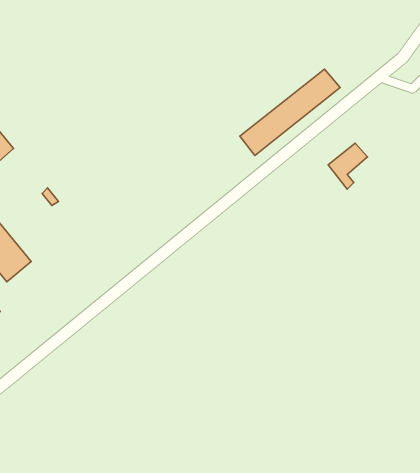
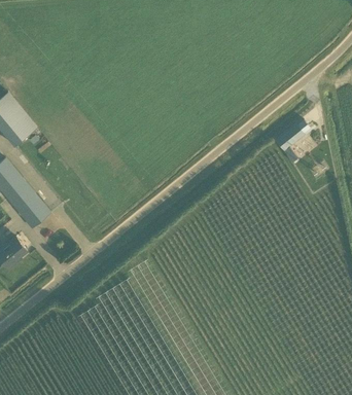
building: [240,69,340,156] -> none

